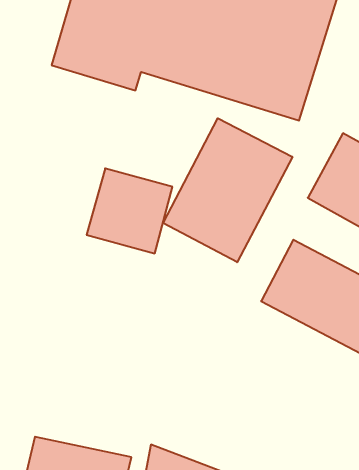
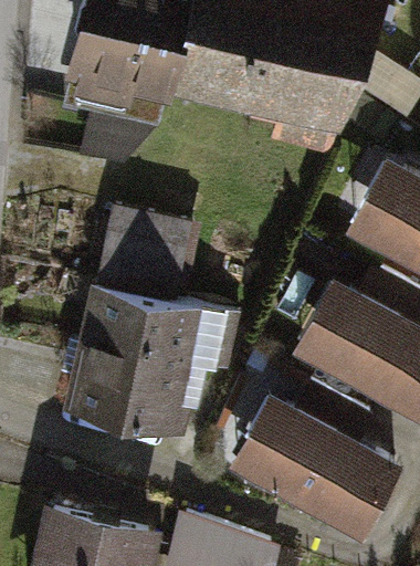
building: [163,118,292,262] -> none
building: none -> [74,296,209,438]
building: none -> [237,398,393,535]

